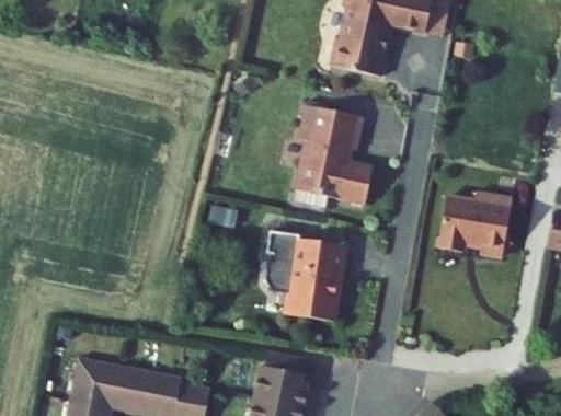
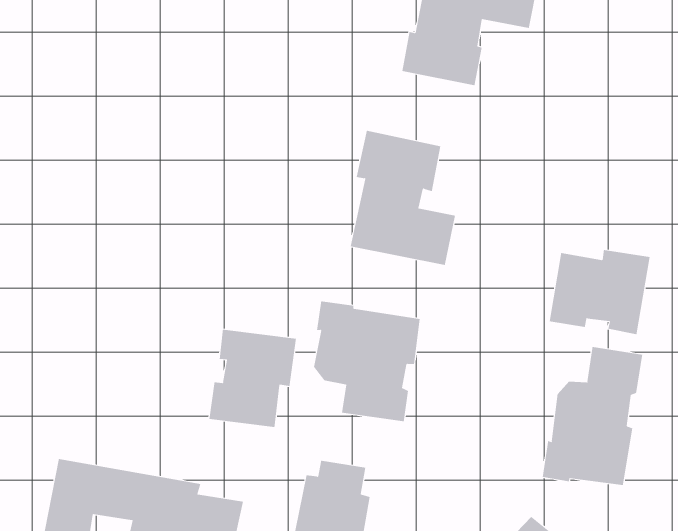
building: none -> [209,329,297,428]
building: none -> [542,346,643,486]

